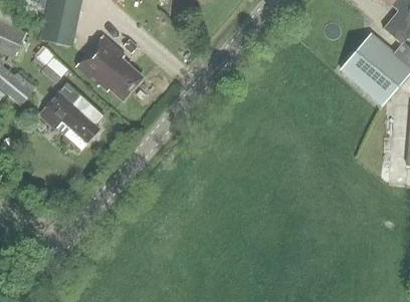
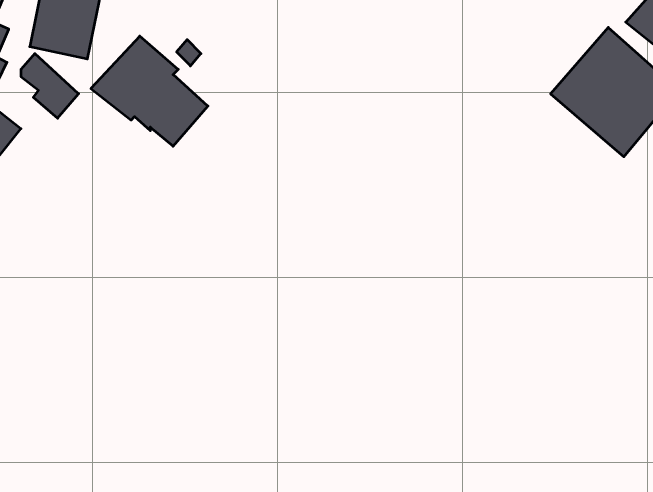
building: [40,83,104,143] -> none

